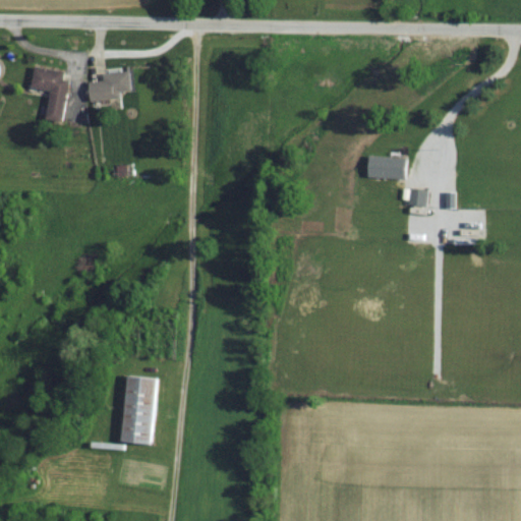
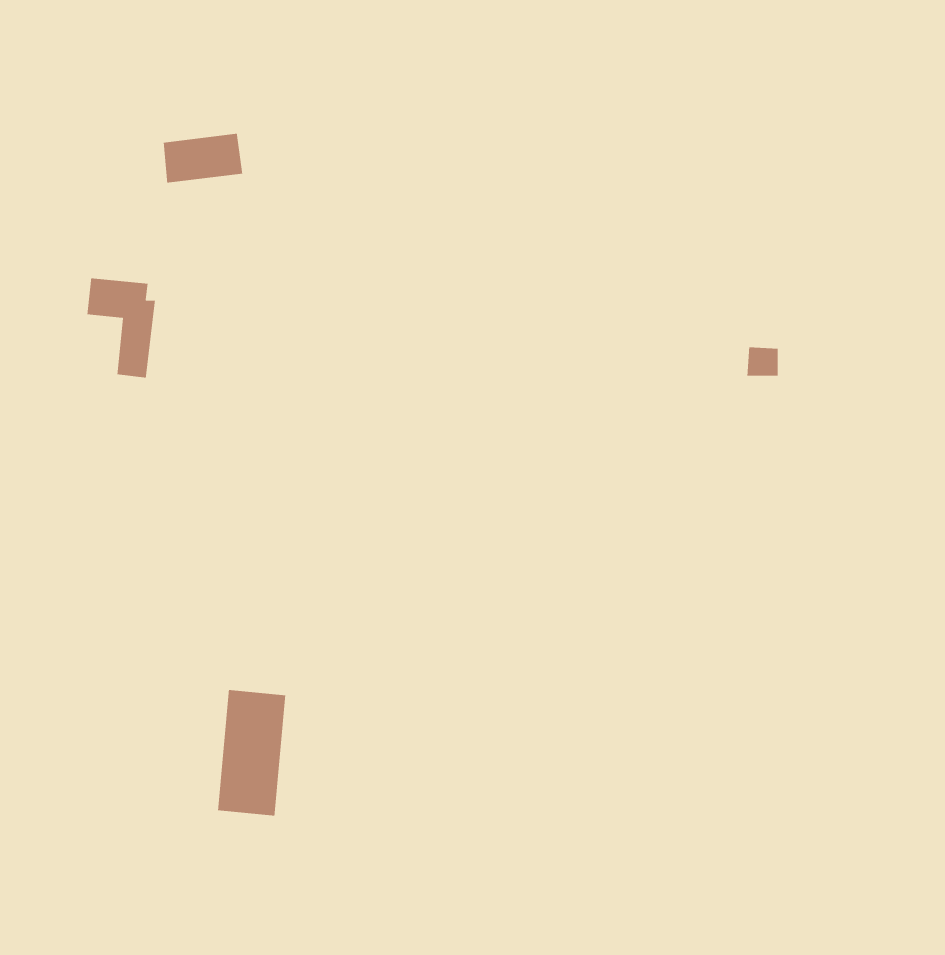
building: [31,67,68,122] -> [87,277,156,379]
building: [364,157,405,179] -> none

